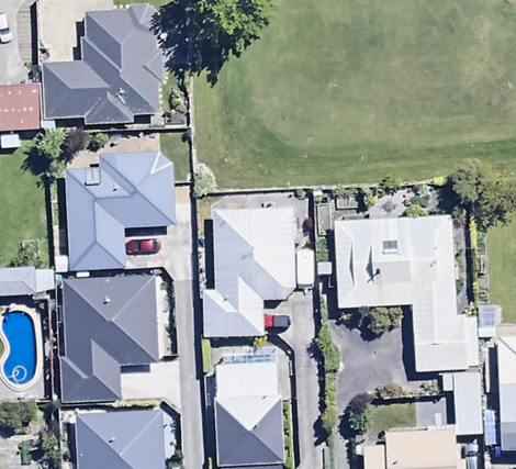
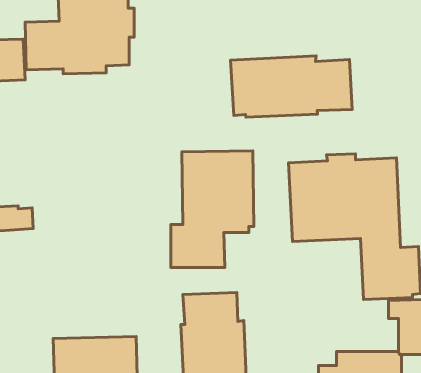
building: none -> [230,56,352,117]
building: [54,152,176,270] -> none
building: [61,275,169,400] -> none

